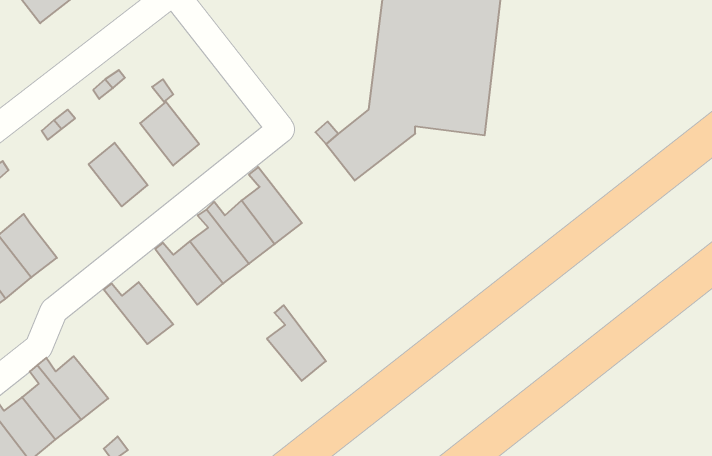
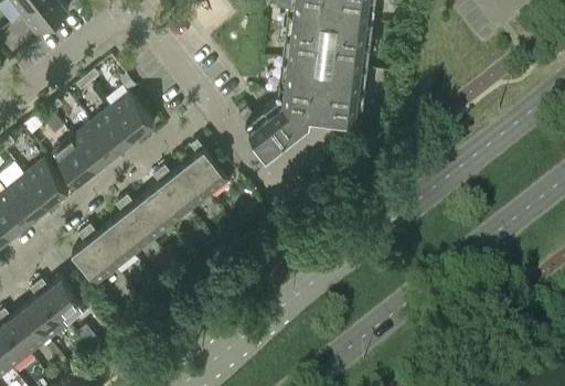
building: none -> [90,111,134,157]
building: none -> [52,141,96,187]
building: none -> [24,163,67,210]
building: none -> [71,233,115,288]
building: [267,305,326,381] -> [108,203,151,258]

